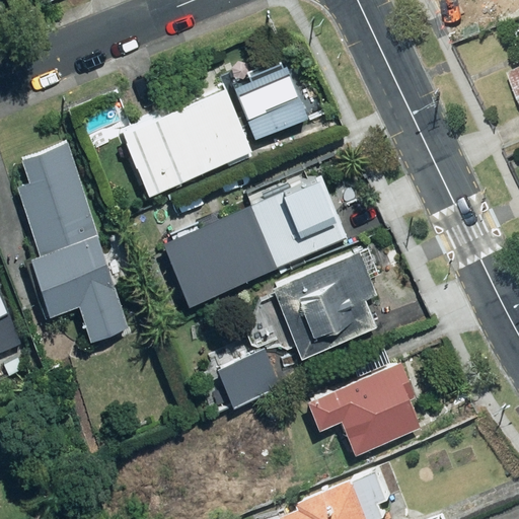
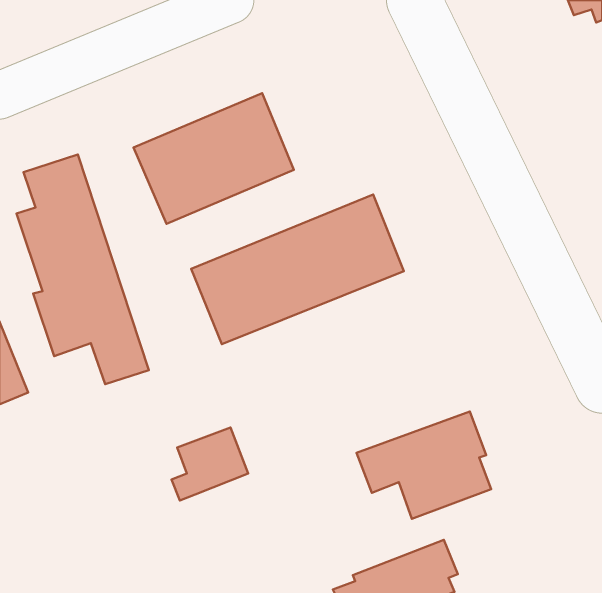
building: [231,61,308,138] -> none
building: [272,252,389,362] -> none
building: [214,350,280,413] -> [171,427,248,501]

